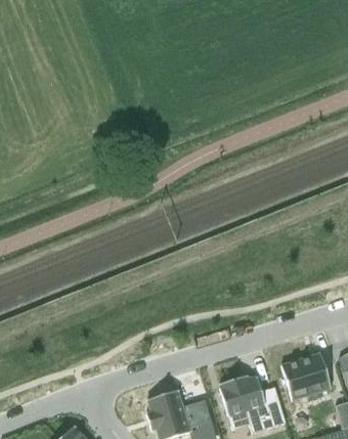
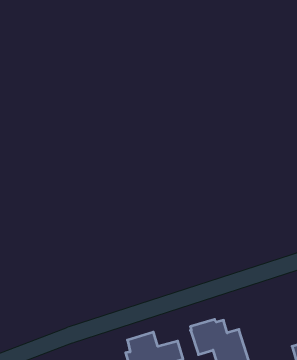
building: [280,354,331,401] -> none

